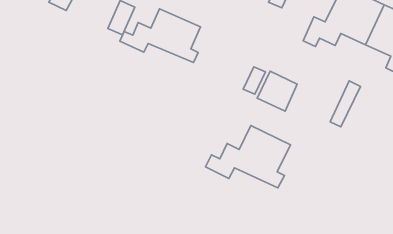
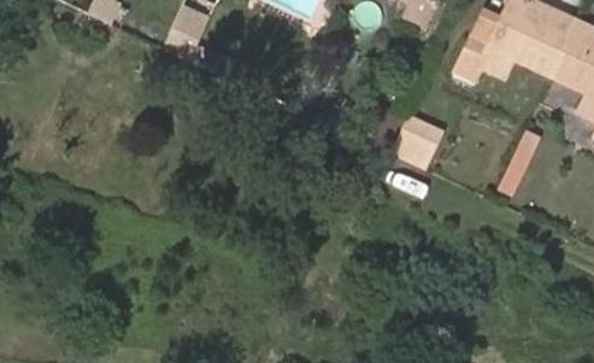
building: [120,9,201,63] -> none
building: [206,126,290,188] -> none

